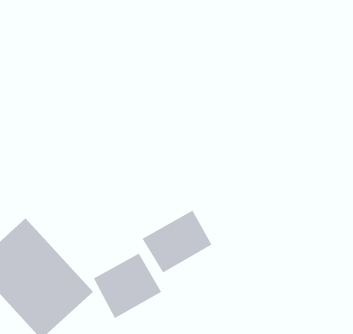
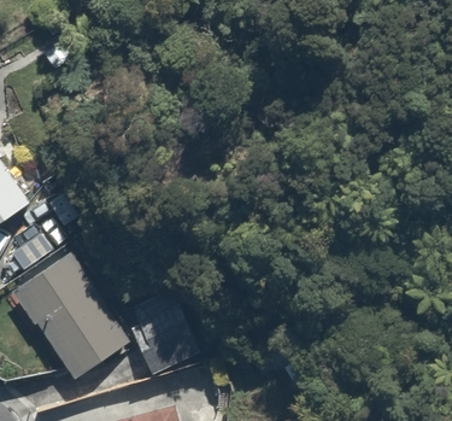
building: [141,210,212,273] -> none

